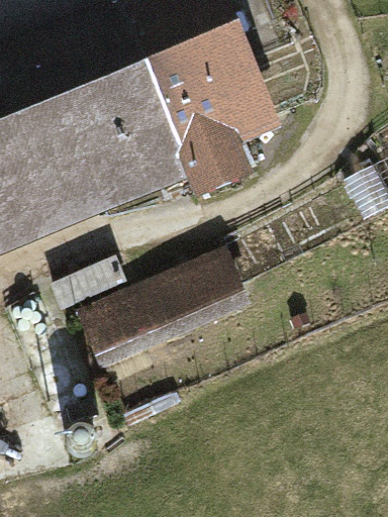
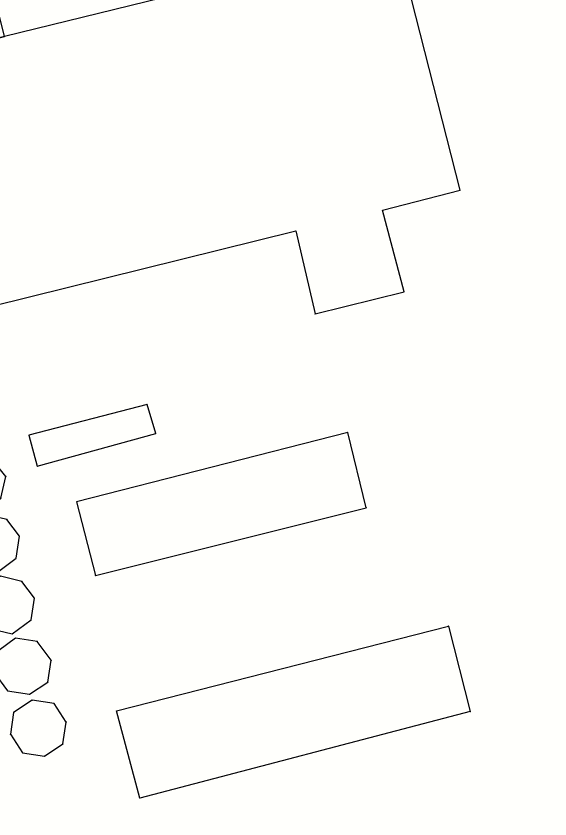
building: none -> [117,626,470,798]

